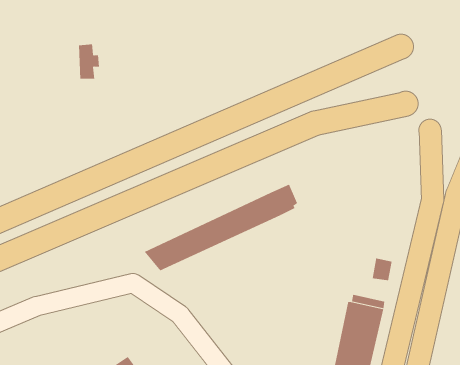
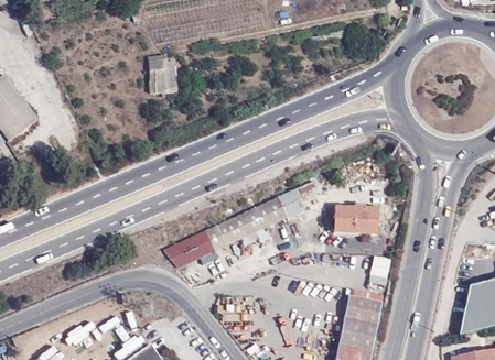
building: [78,44,100,79] -> [153,62,173,94]
building: none -> [327,205,378,236]

